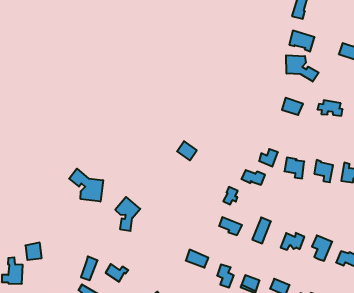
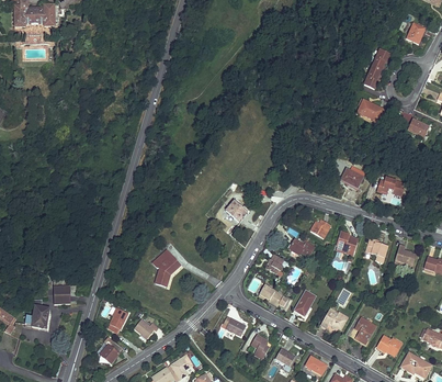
building: [286,55,319,82] -> none
building: [69,169,103,202] -> none

